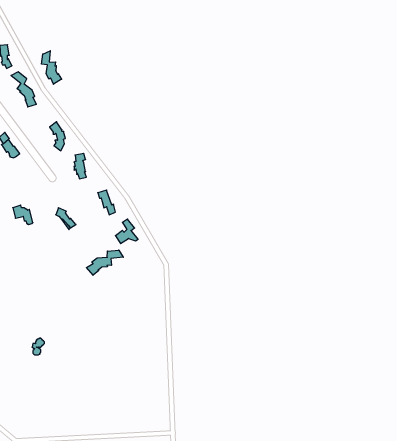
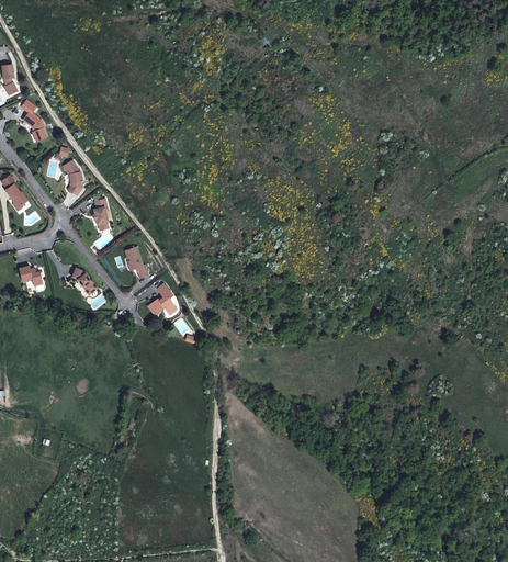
building: [42,51,62,84] -> none
building: [86,250,123,275] -> none

